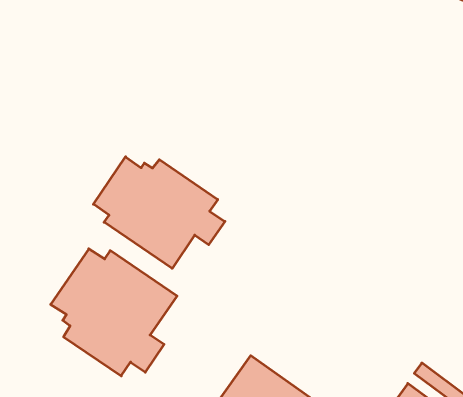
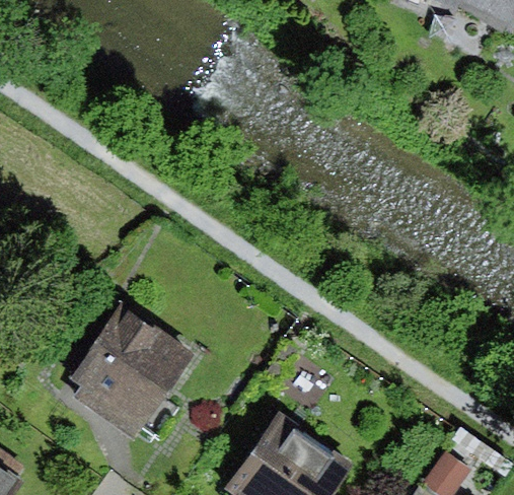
building: [93,157,225,268] -> none

